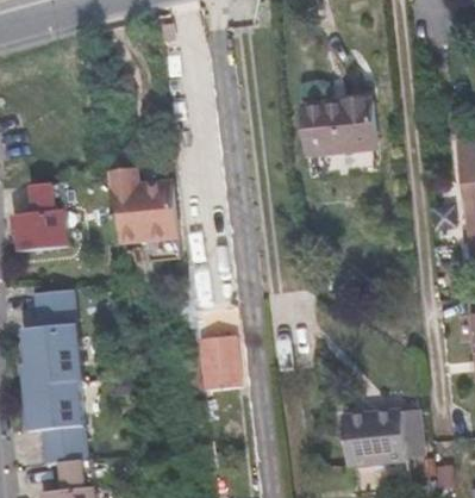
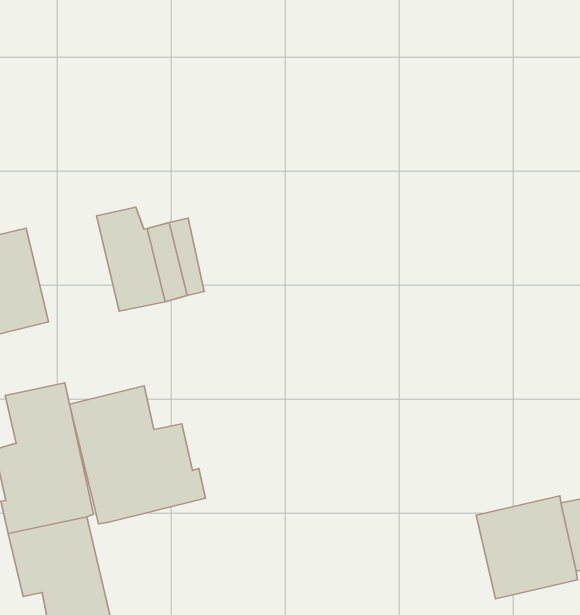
building: [301,97,379,176] -> none
building: none -> [70,386,205,524]
building: [198,337,240,392] -> none

